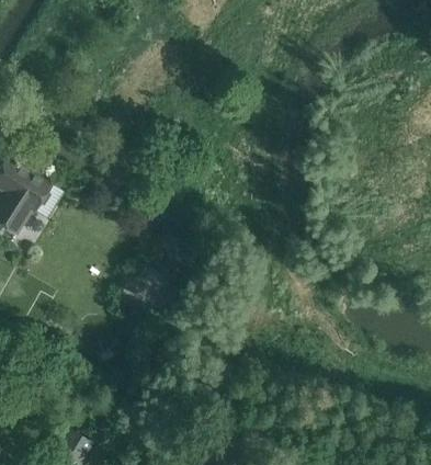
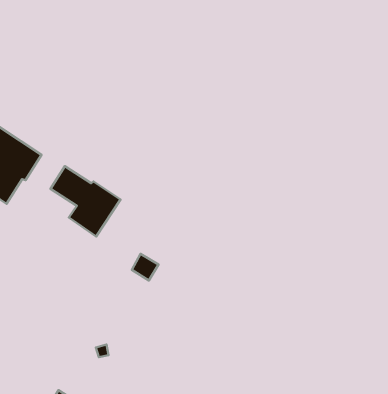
building: none -> [51,166,120,237]

